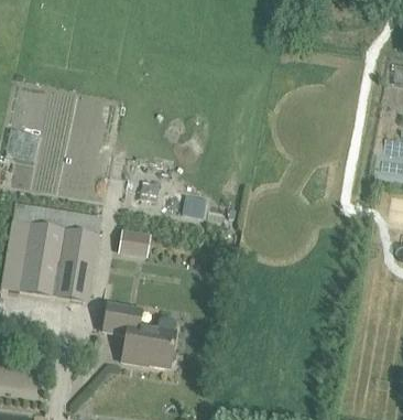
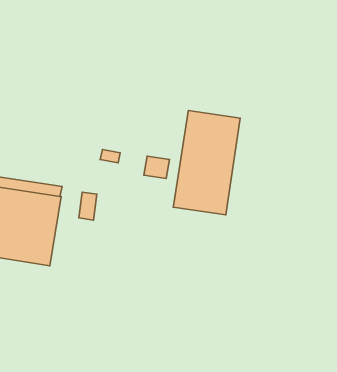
building: none -> [173,110,240,215]
building: [105,303,177,366] -> none

